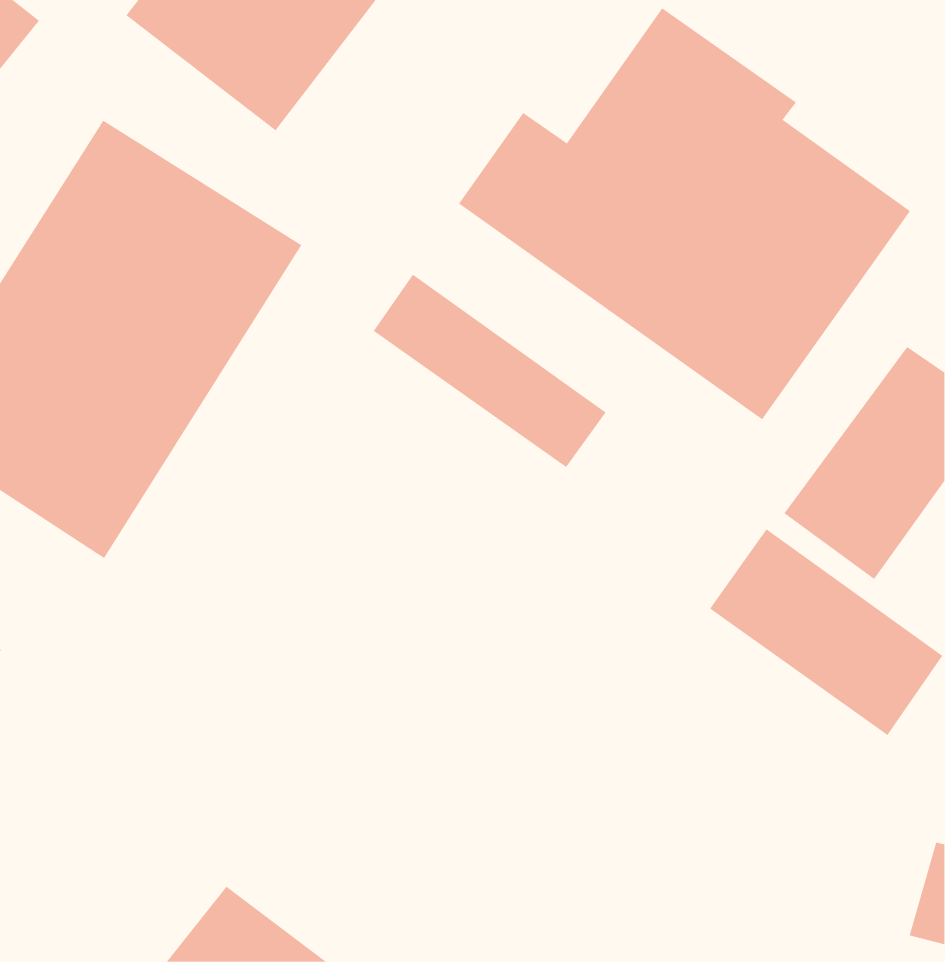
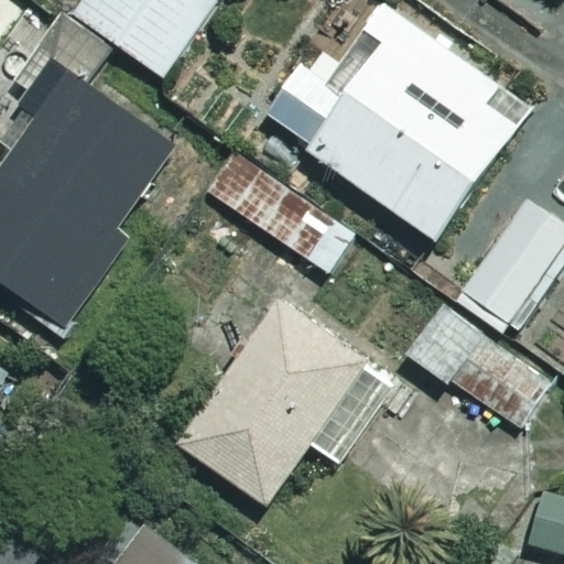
building: none -> [180,304,384,506]

